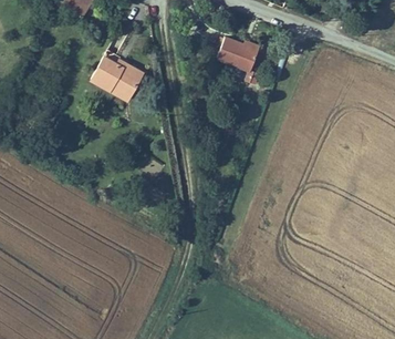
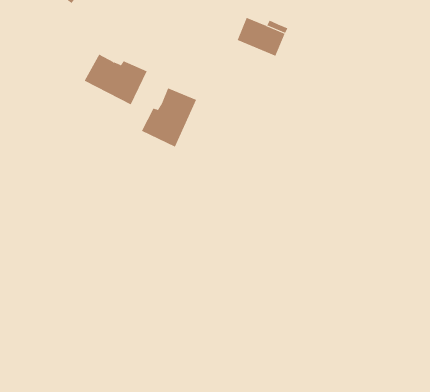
building: none -> [141,88,197,148]

